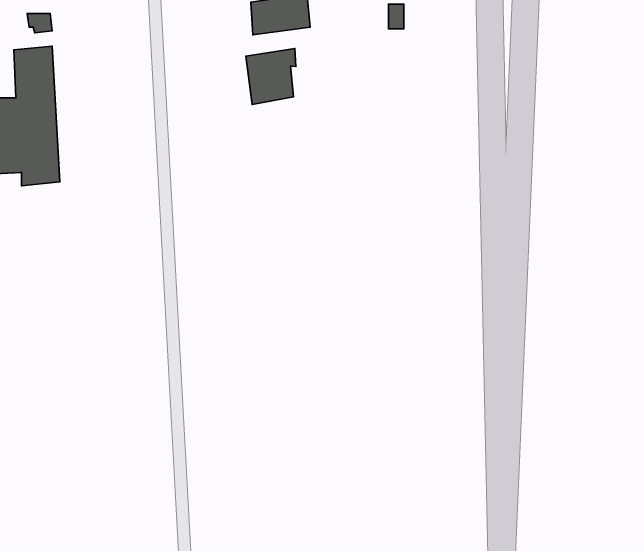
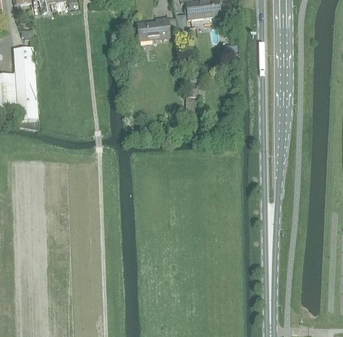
building: [246,48,296,105] -> none

